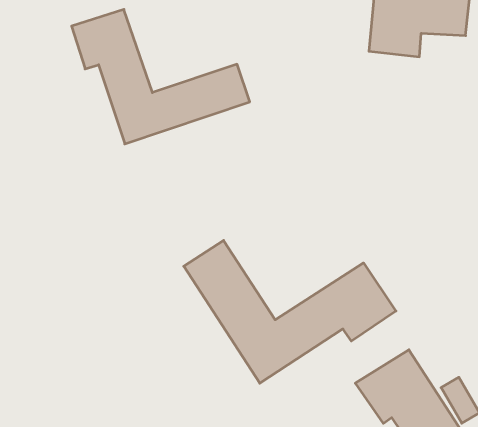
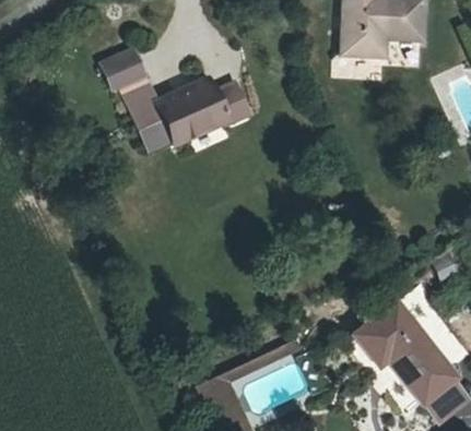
building: [184,240,396,383] -> none

